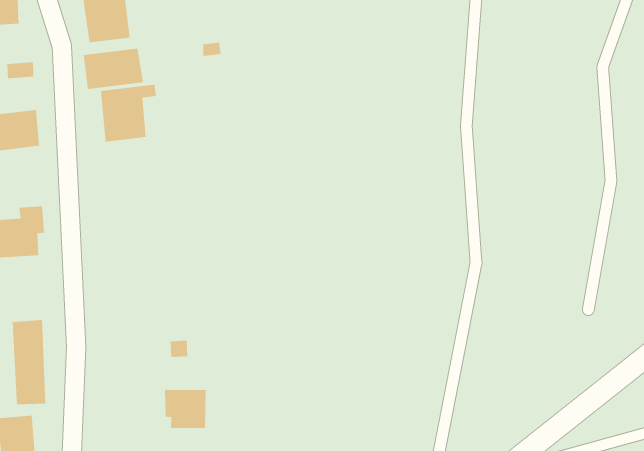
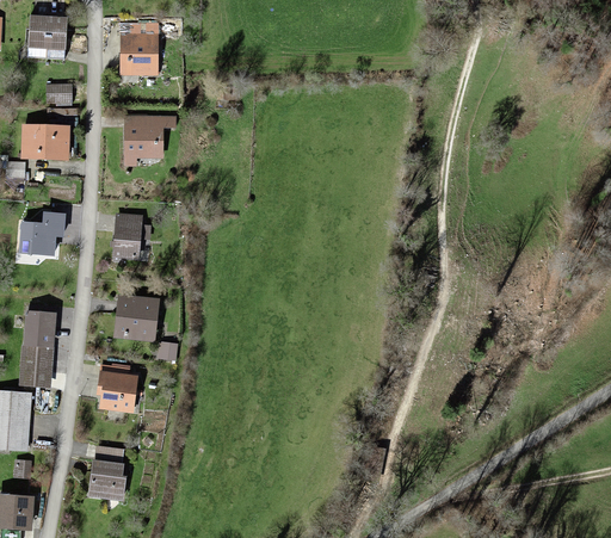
building: [83,48,144,90] -> none
building: none -> [115,215,142,254]
building: none -> [117,296,159,340]
building: [164,389,207,428] -> [97,372,136,410]

